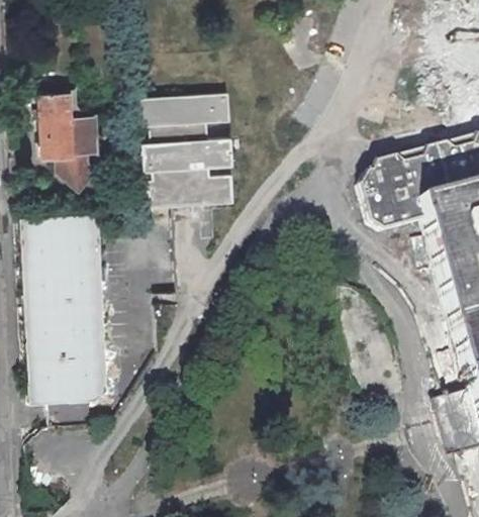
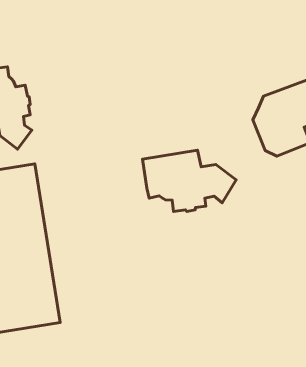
building: [138,93,236,210] -> none
building: none -> [143,150,236,212]

